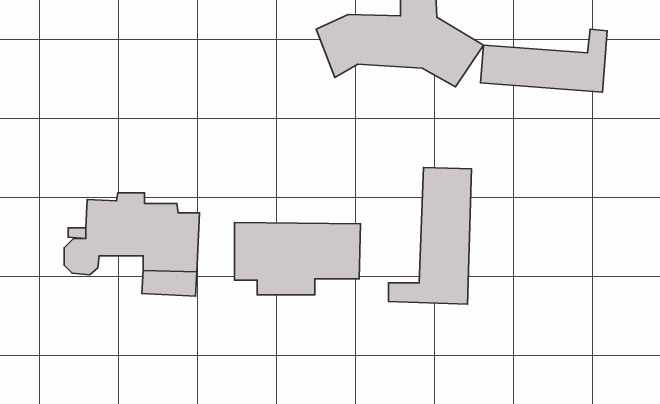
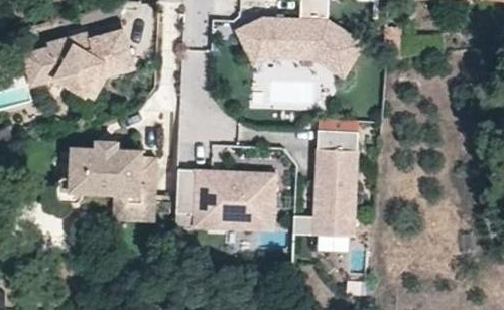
building: none -> [19,22,130,99]
building: [481,29,607,92] -> none

